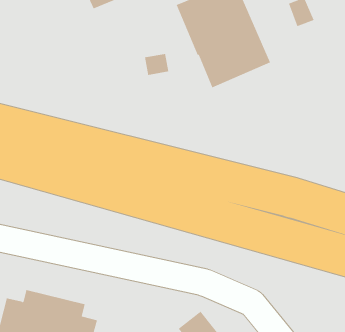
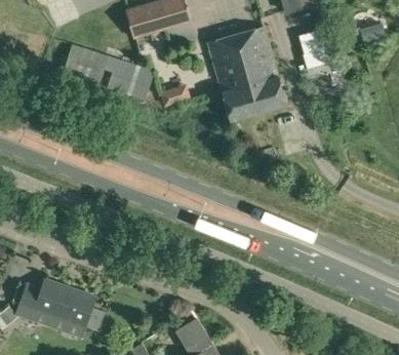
building: none -> [61,44,153,102]

